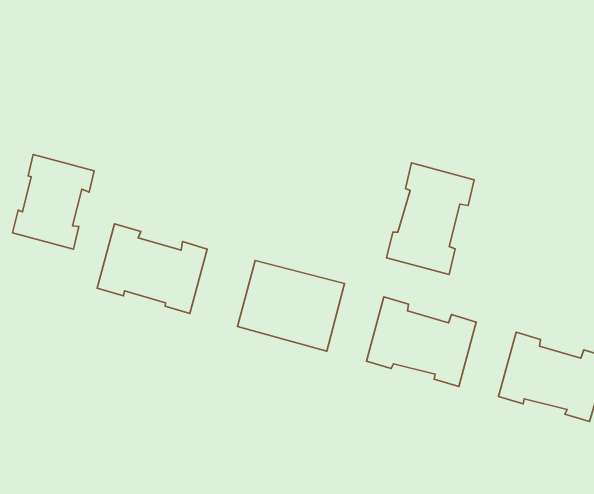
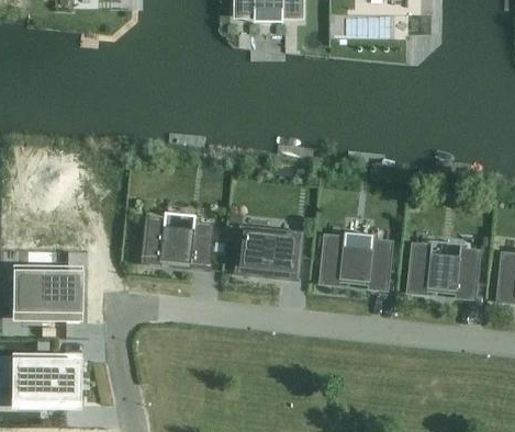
building: [13,155,94,249] -> none
building: [387,163,474,275] -> none

